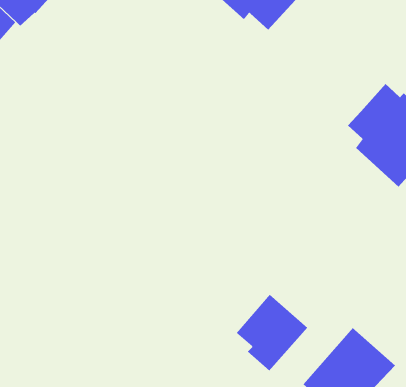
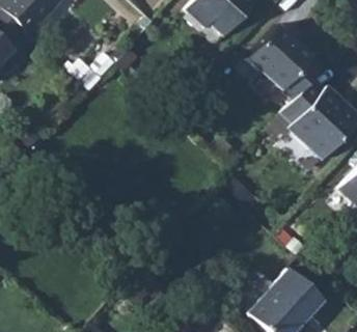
building: none -> [246,25,322,100]
building: [236,294,308,372] -> none

